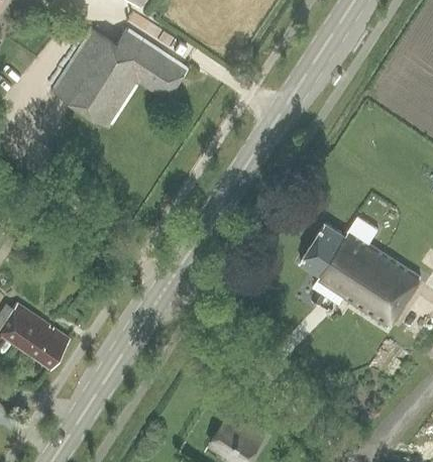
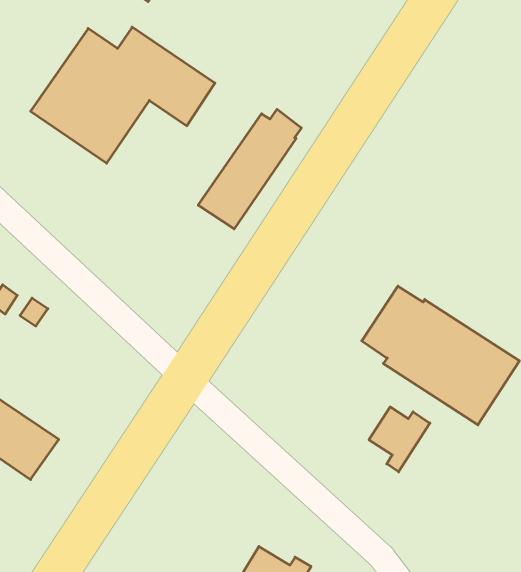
building: none -> [198,109,301,229]
building: none -> [369,407,430,472]

